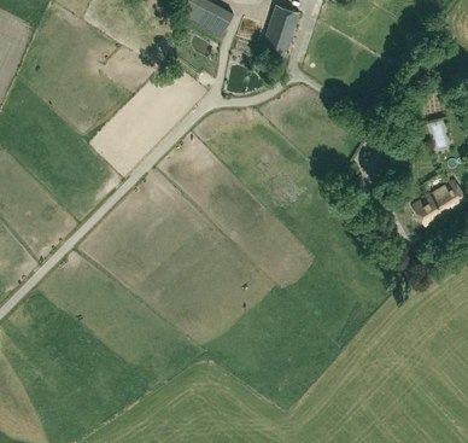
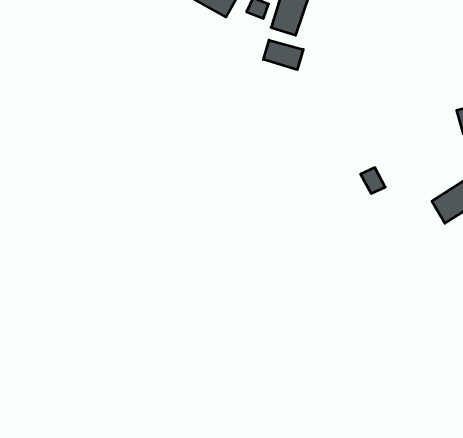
building: none -> [263,40,303,70]

